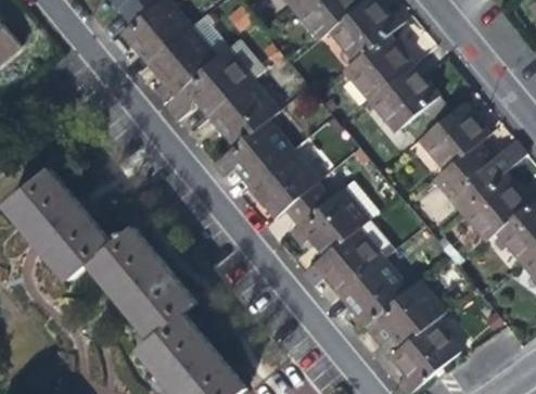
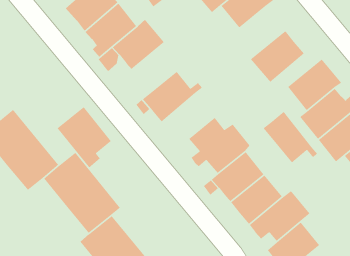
building: [342,31,414,102] -> none
building: [208,79,279,147] -> none
building: [248,148,320,218] -> none
building: none -> [56,106,112,169]
building: none -> [263,111,318,164]

